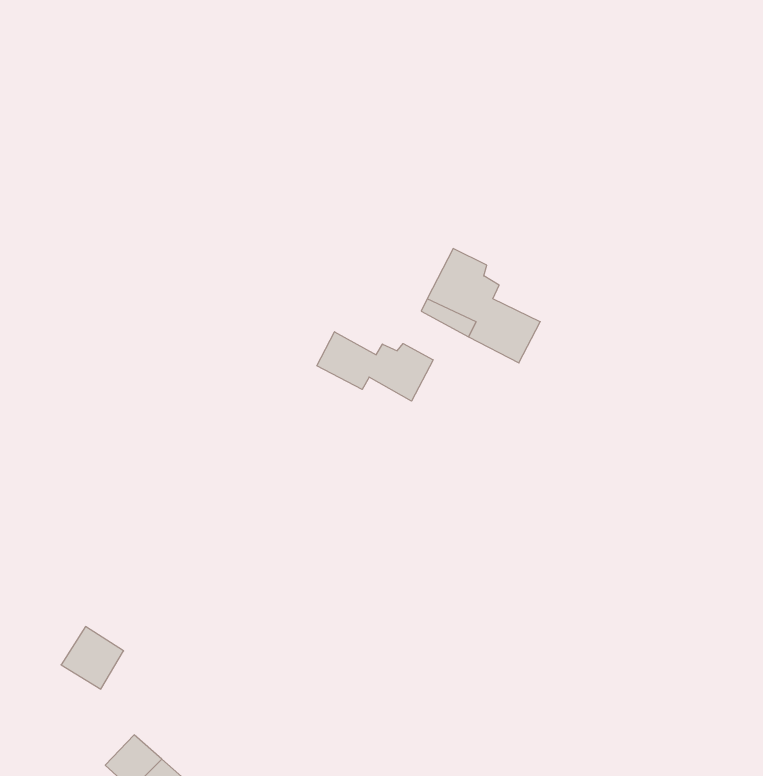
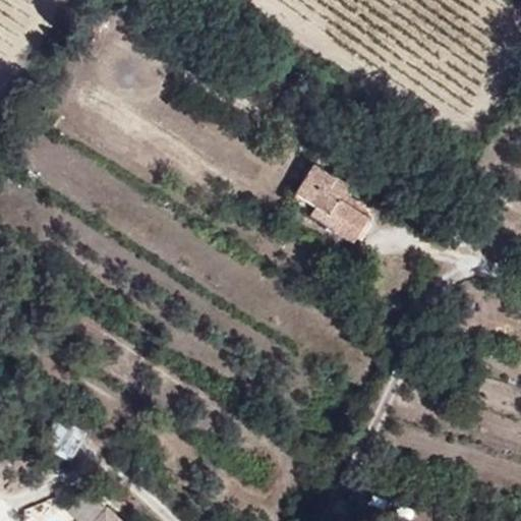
building: [317,332,433,401] -> none

